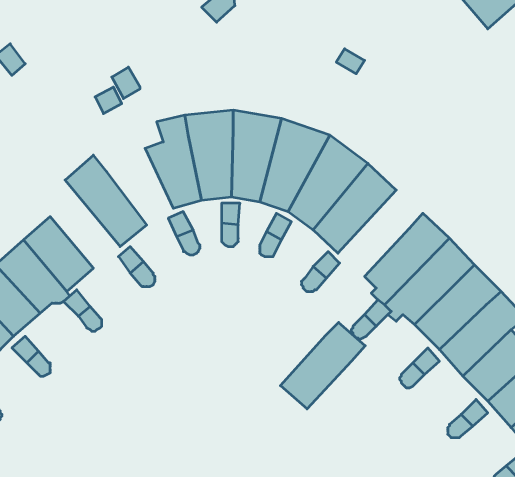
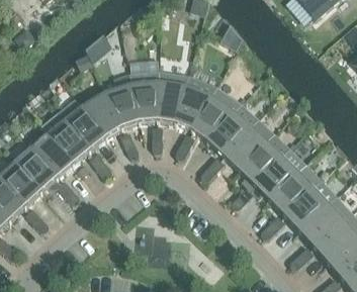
building: none -> [83,92,123,138]
building: none -> [41,111,91,165]
building: [280,322,365,409] -> [224,117,275,170]

